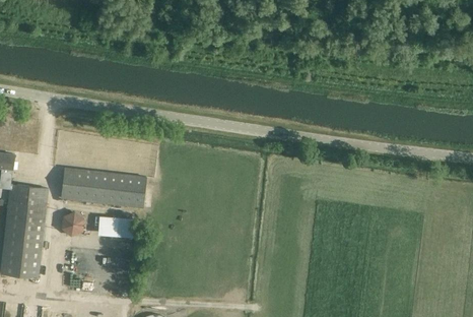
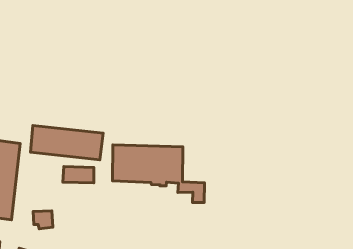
building: none -> [112,145,204,203]
building: [62,213,85,235] -> [33,211,53,229]

